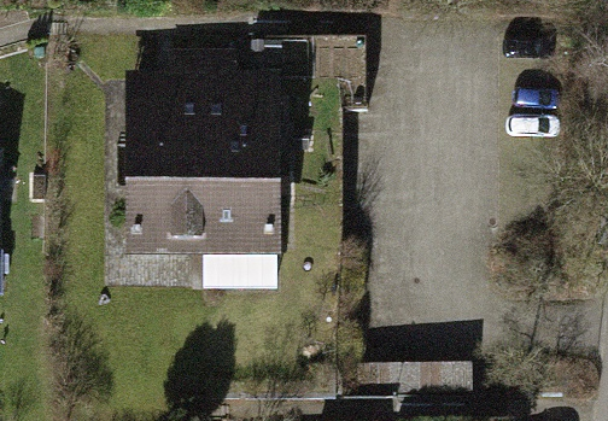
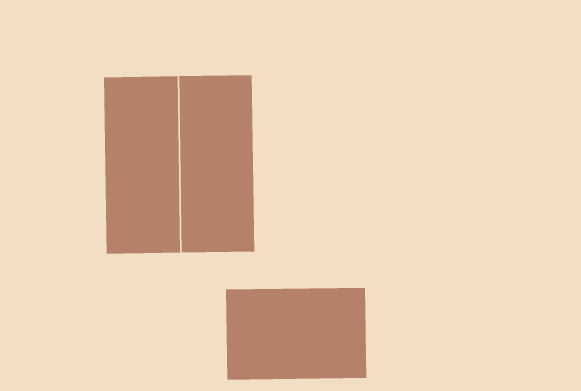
building: none -> [226,287,367,380]

